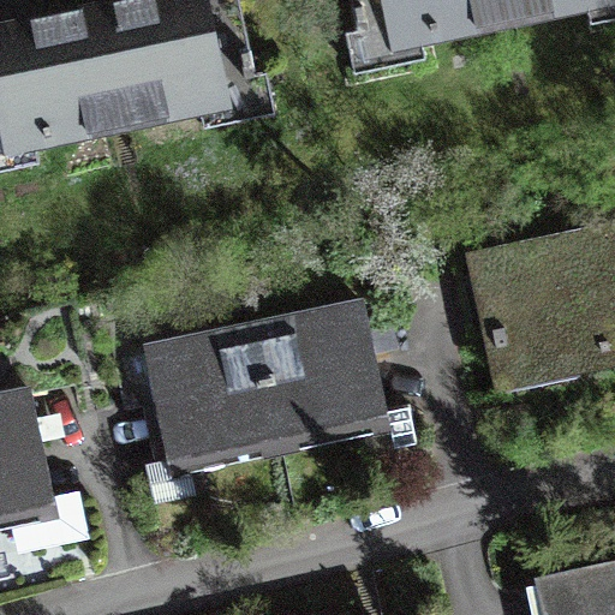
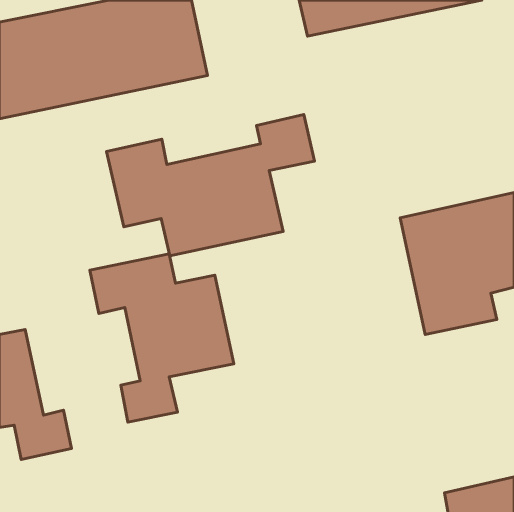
building: none -> [107,115,315,256]
building: [256,309,417,462] -> none

